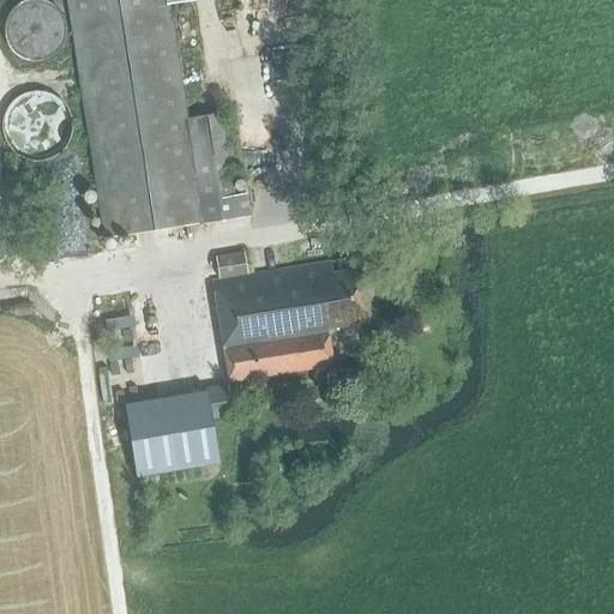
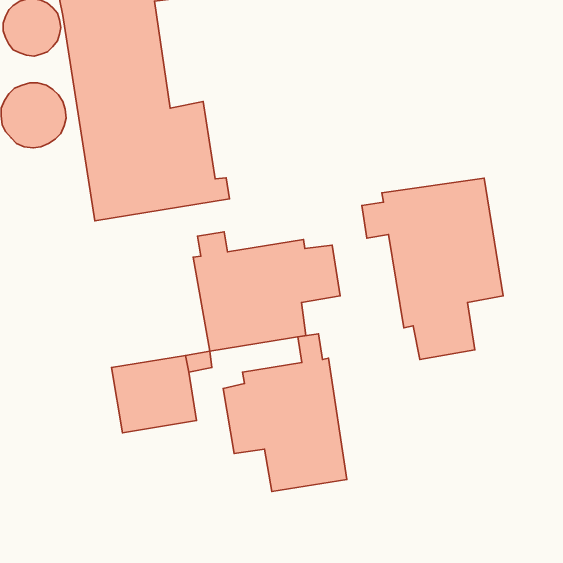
building: none -> [362,178,503,359]
building: none -> [223,334,347,492]

